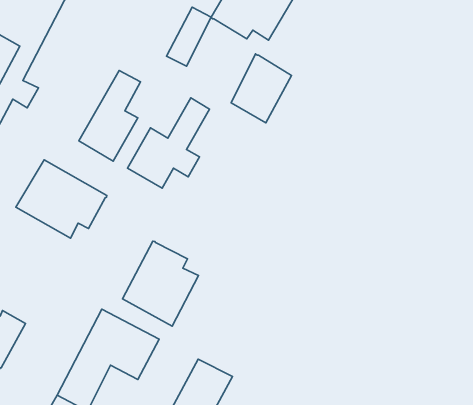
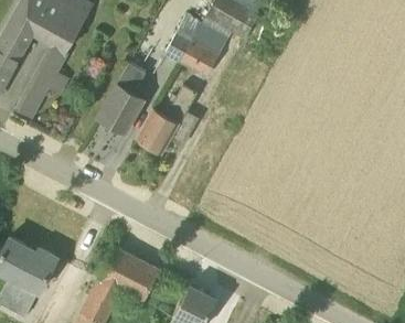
building: [231,54,292,123] -> [181,23,227,76]
building: [16,160,107,238] -> none
building: [123,241,199,326] -> none

